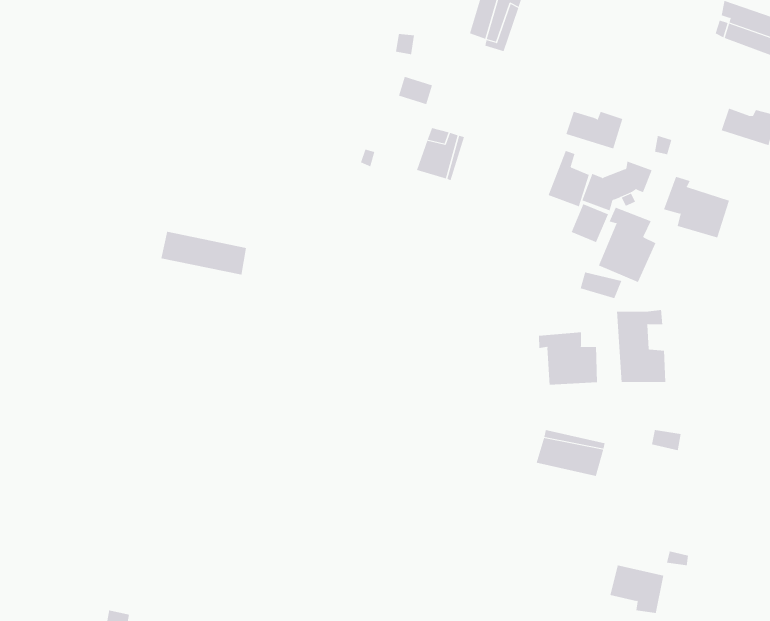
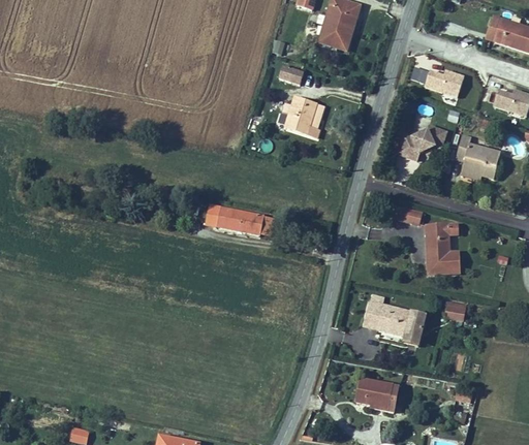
building: [565,111,623,149] -> [426,68,465,94]
building: [548,150,590,207] -> none
building: [598,207,656,283] -> none
building: [160,231,247,275] -> [205,209,263,239]
building: [538,331,598,386] -> none
building: [610,565,664,613] -> [355,384,393,417]

